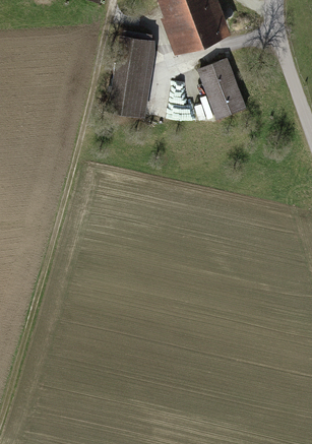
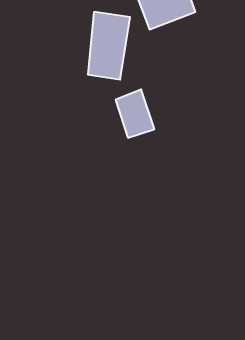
building: [198,64,243,120] -> [116,89,154,138]

